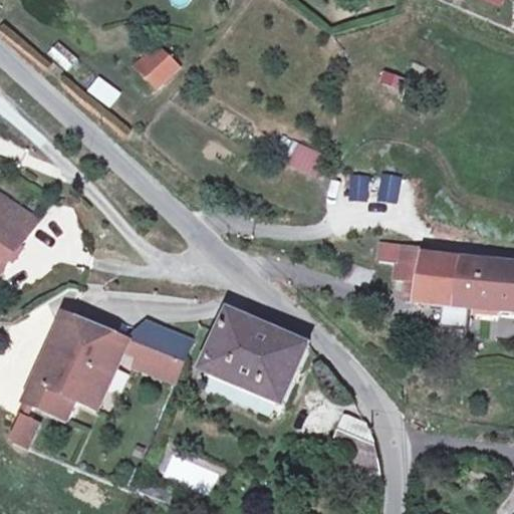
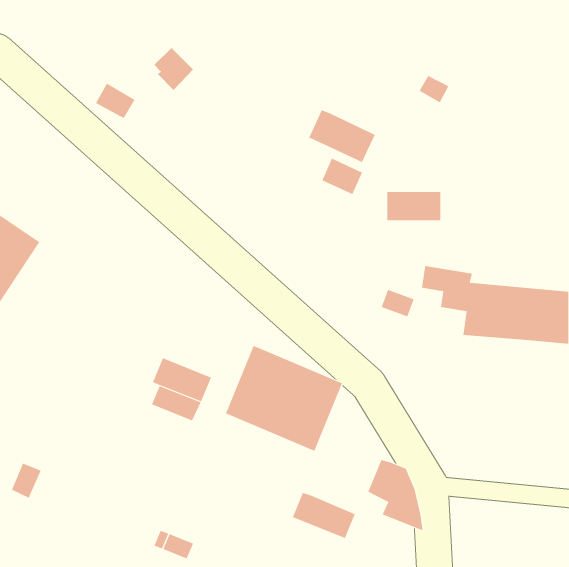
building: none -> [308,110,375,163]
building: [26,319,123,418] -> none
building: none -> [292,492,356,539]

